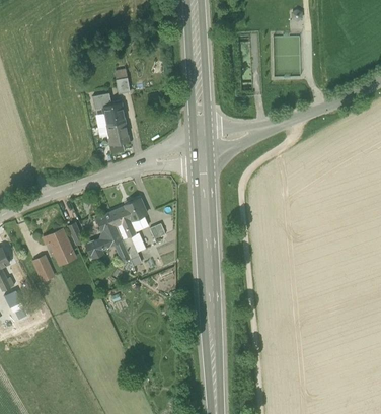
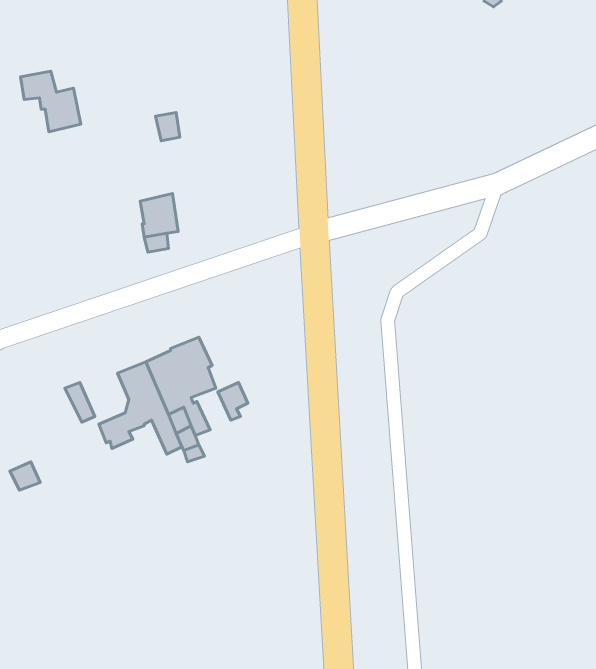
building: [92,93,125,126] -> [21,71,81,132]
building: [43,228,72,263] -> none

